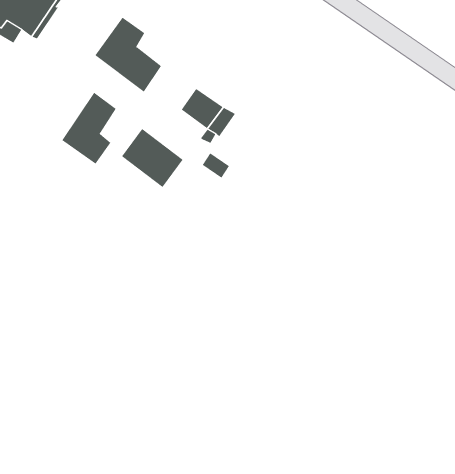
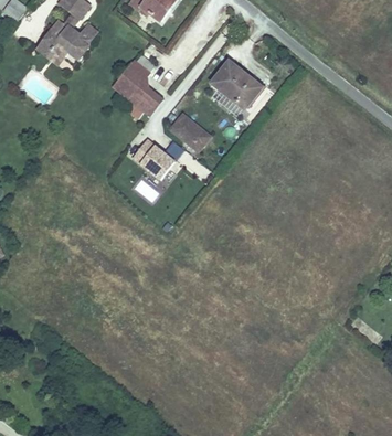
building: none -> [211,55,263,105]
building: [62,92,117,165] -> none

